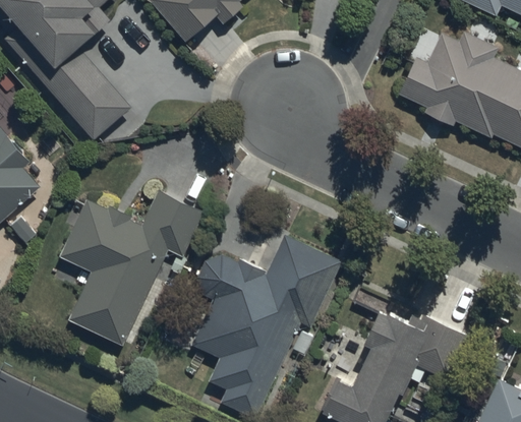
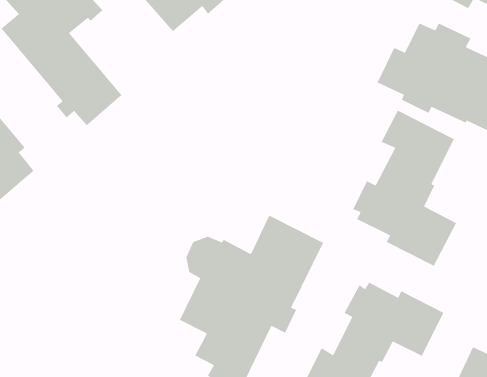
building: none -> [352,109,457,267]
building: [59,189,206,345] -> none

